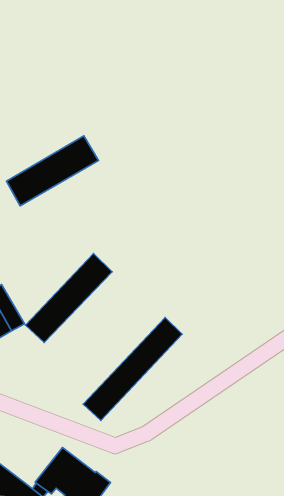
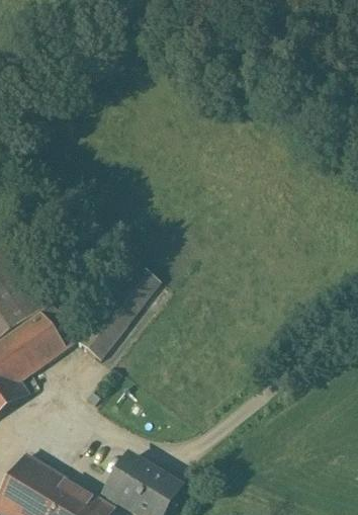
building: [7,136,99,206] -> none
building: [83,317,182,421] -> none

